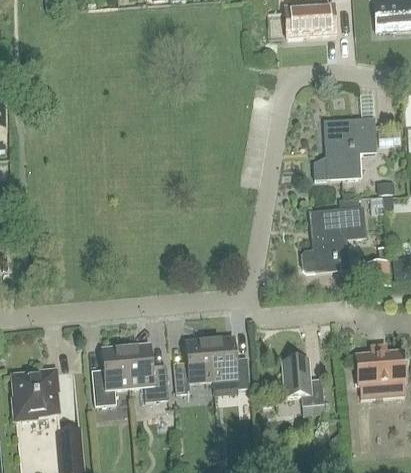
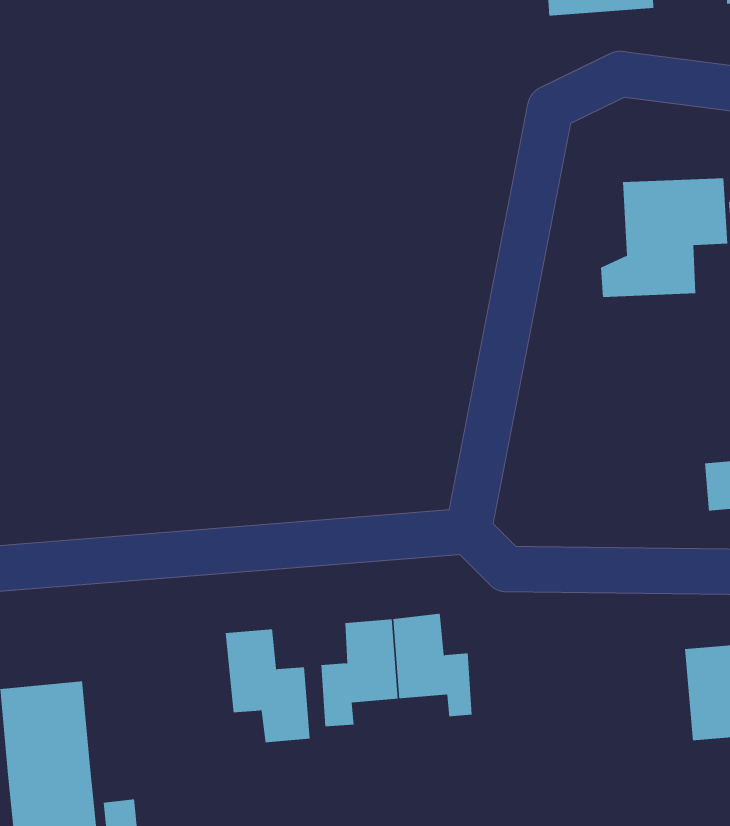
building: [301,208,364,270] -> none
building: [91,346,129,405] -> none
building: [282,357,324,415] -> none

